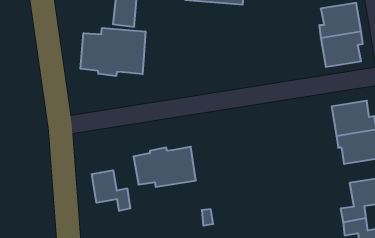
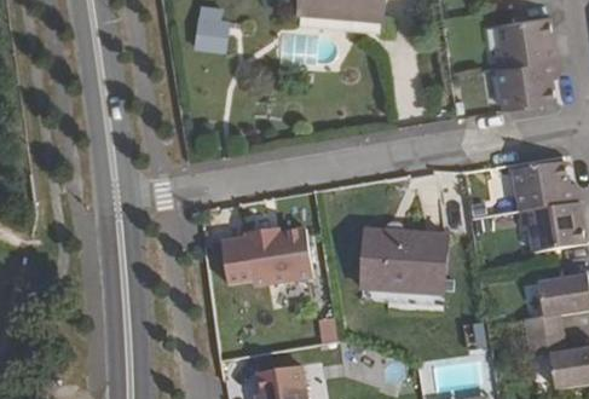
building: [80,28,145,76] -> none
building: none -> [359,229,446,294]
building: [92,170,130,211] -> none

